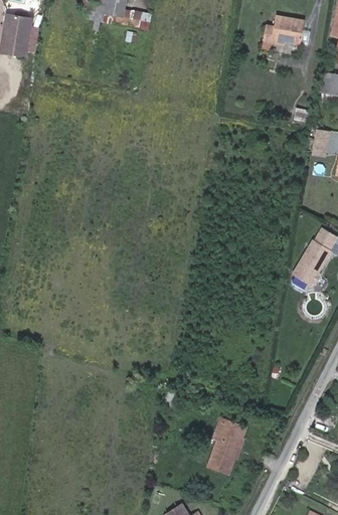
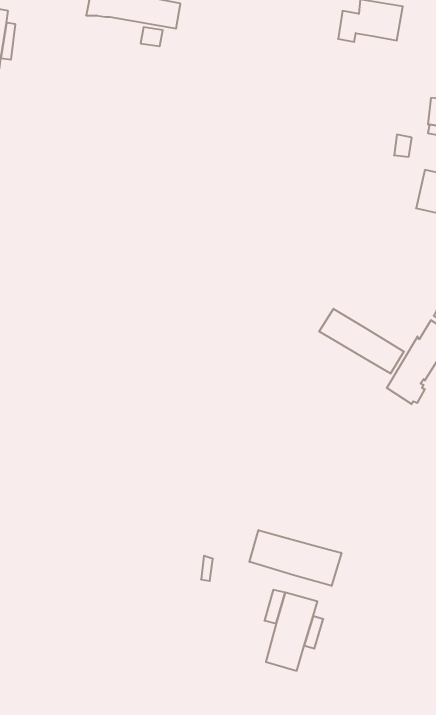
building: none -> [319,309,404,374]
building: none -> [249,530,341,586]

